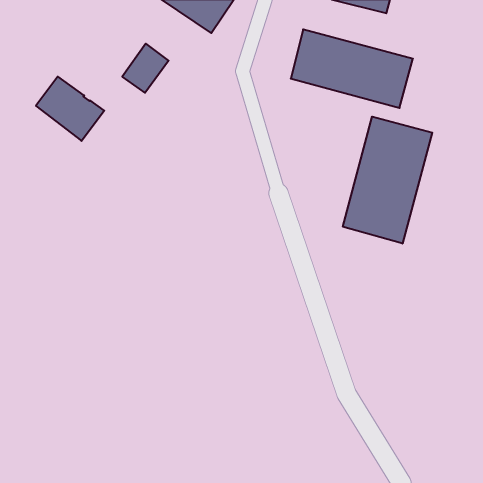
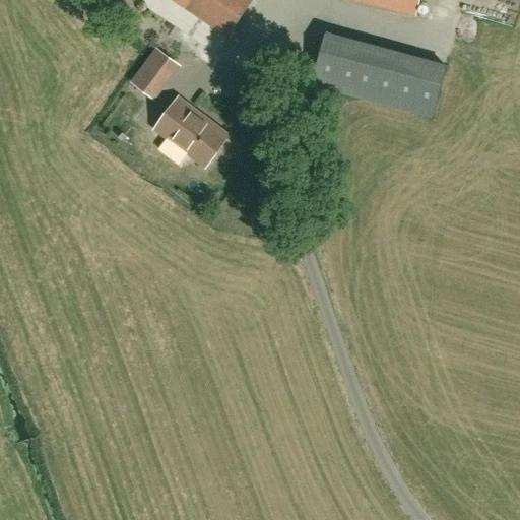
building: [36,77,104,141] -> [154,98,228,167]
building: [343,117,432,244] -> none

